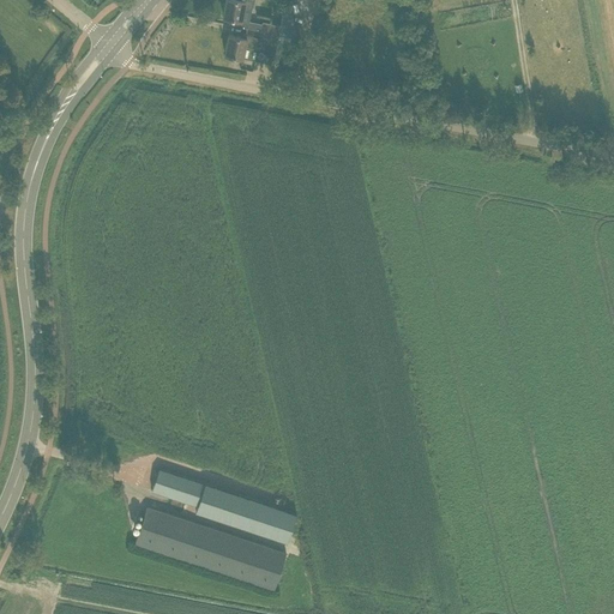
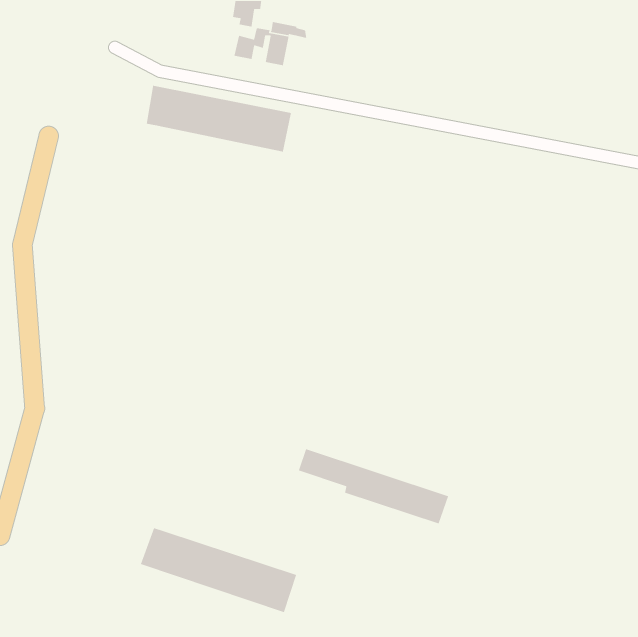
building: none -> [146,85,292,152]
building: [151,469,296,542] -> [298,448,449,524]

